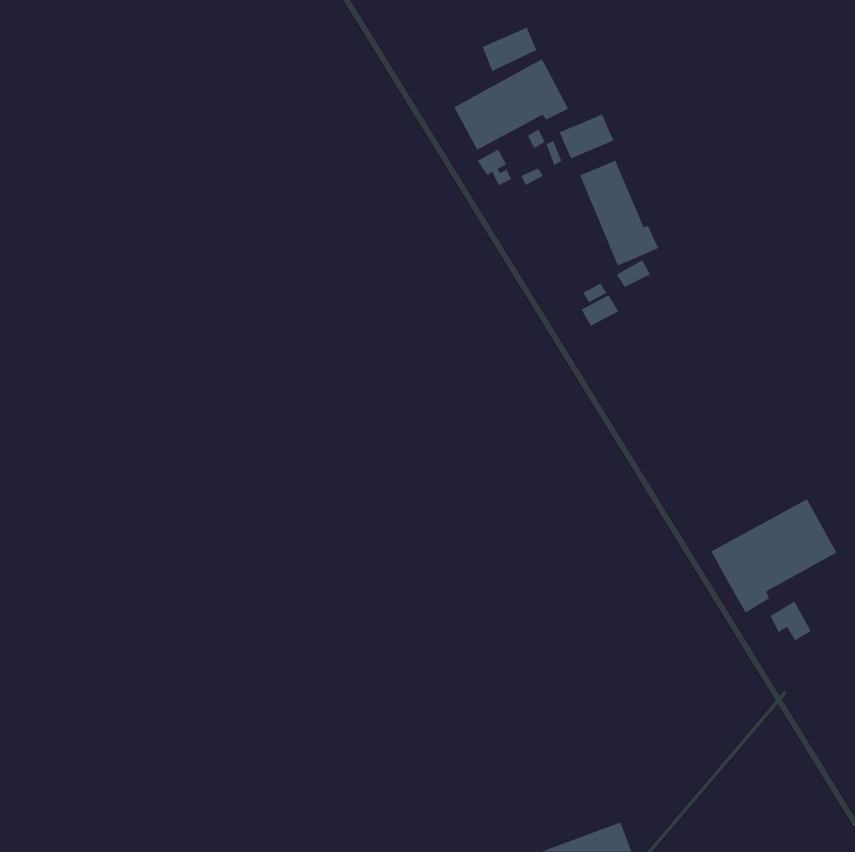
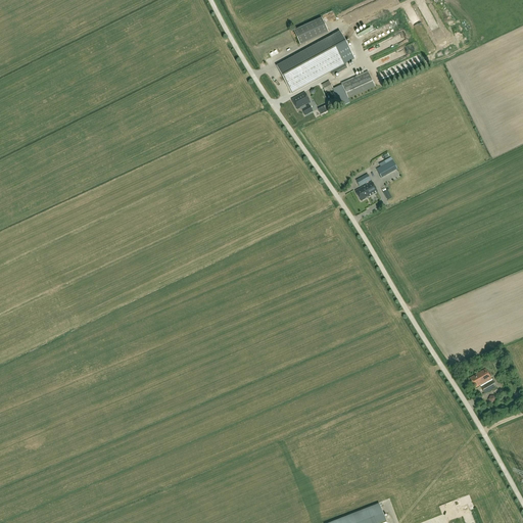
building: [580,160,659,266] -> none
building: [710,498,837,614] -> none

